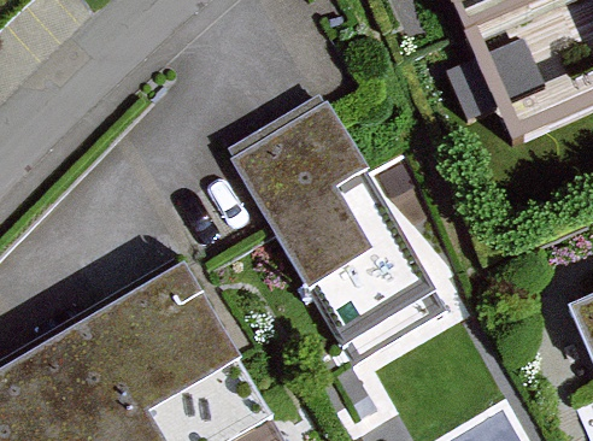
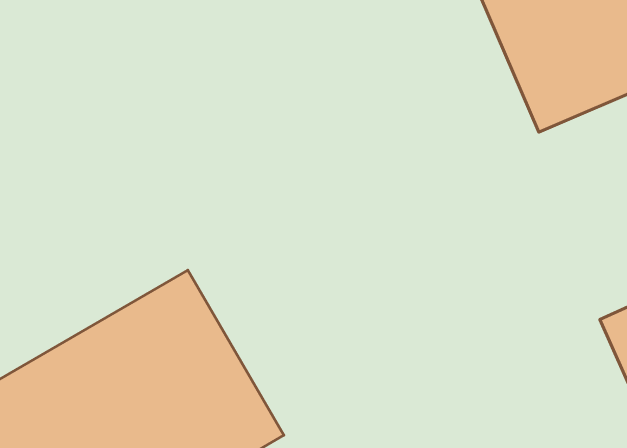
building: [242,90,423,310] -> none

